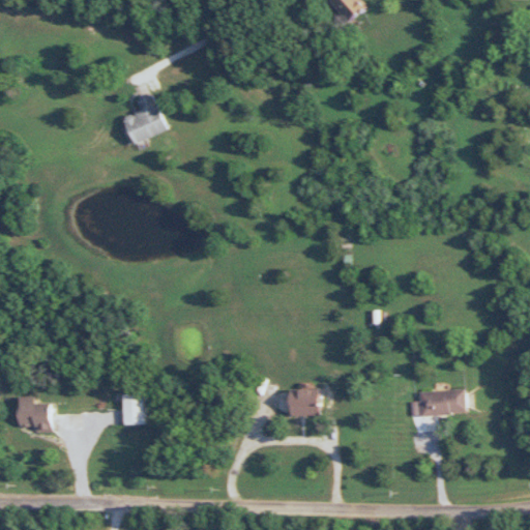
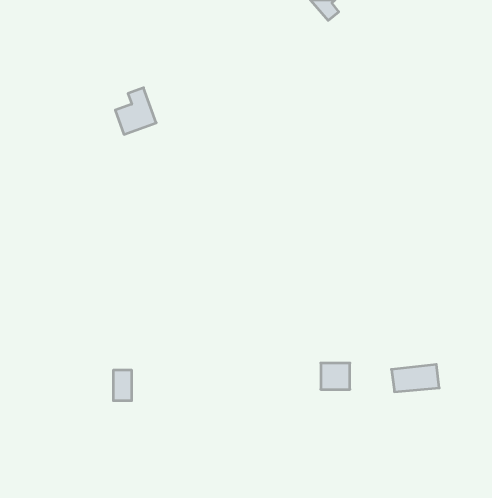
building: [288,388,319,416] -> [321,363,350,389]
building: [16,395,51,430] -> none

